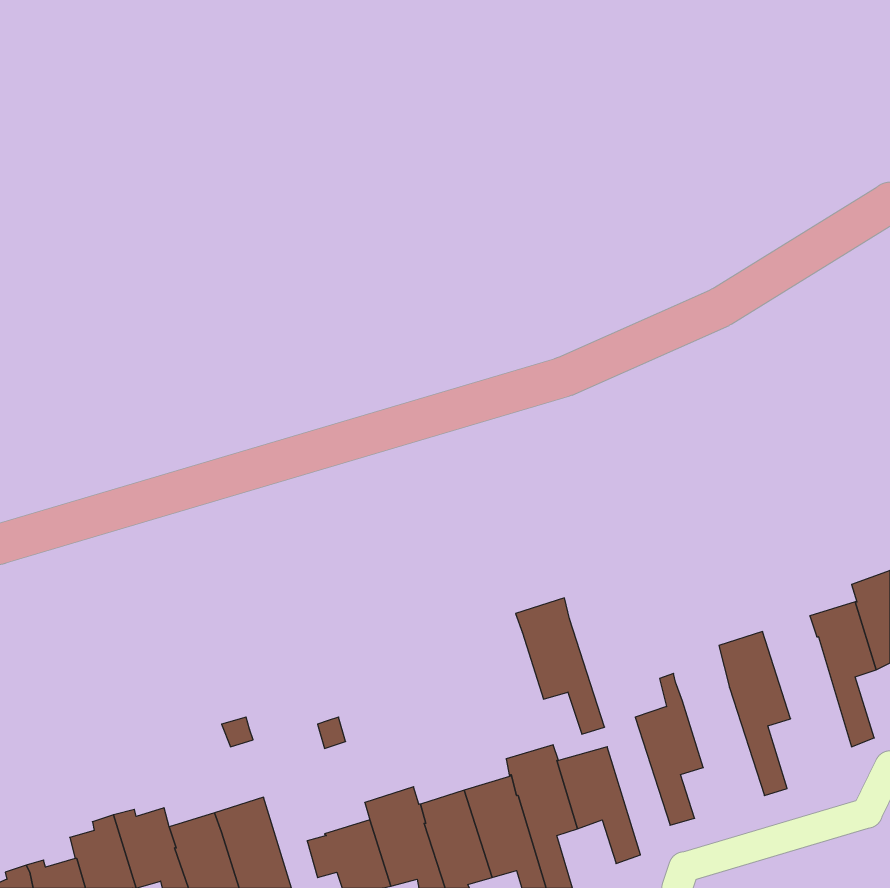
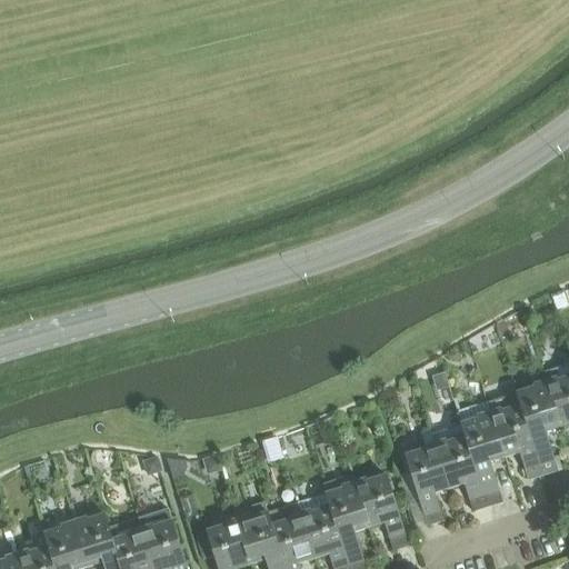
building: [516,598,605,734] -> [430,425,487,511]
building: none -> [486,392,542,480]

